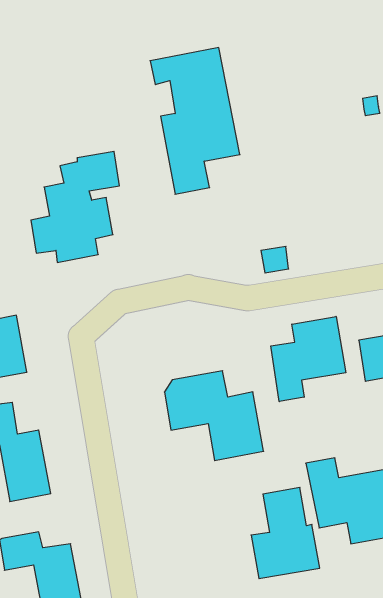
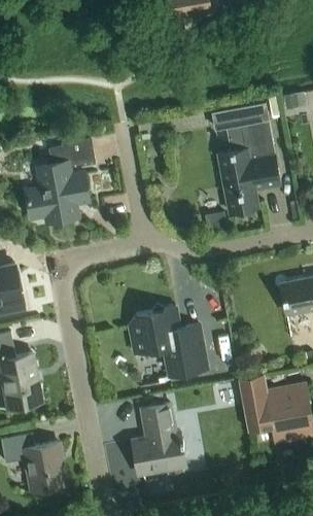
building: [150,48,240,194] -> [211,100,281,214]
building: [271,316,346,402] -> none
building: [251,487,320,579] -> [132,404,185,475]

